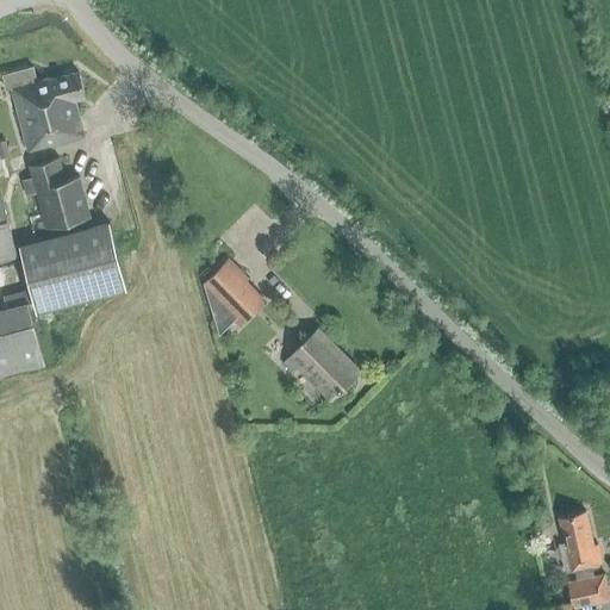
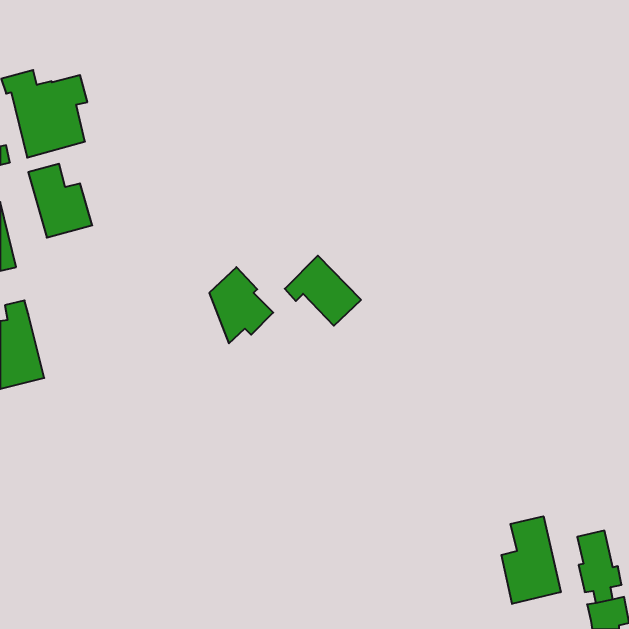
building: [19,223,127,313] -> none
building: [284,331,357,399] -> [285,256,361,326]
building: none -> [501,516,561,604]

